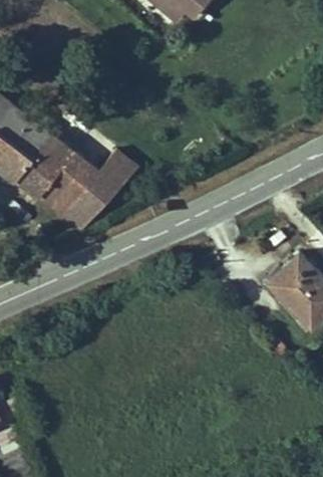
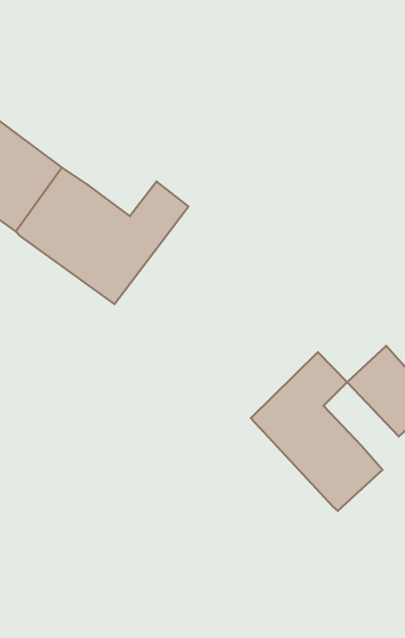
building: none -> [251,352,382,511]

